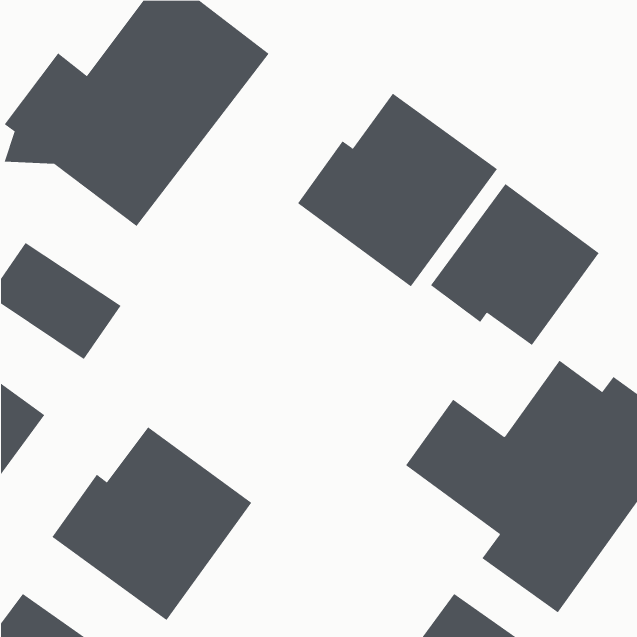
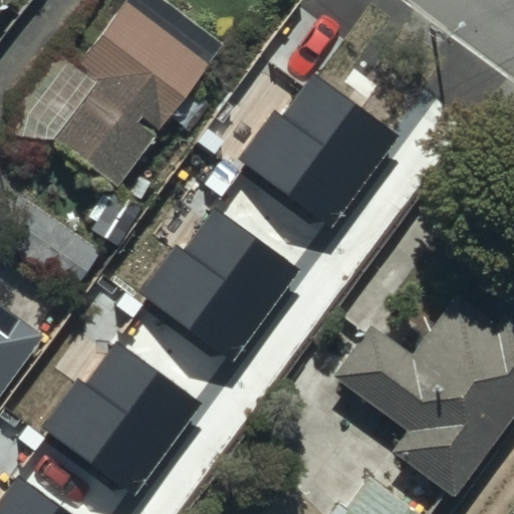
building: [430,183,600,346] -> none
building: none -> [143,209,303,364]

